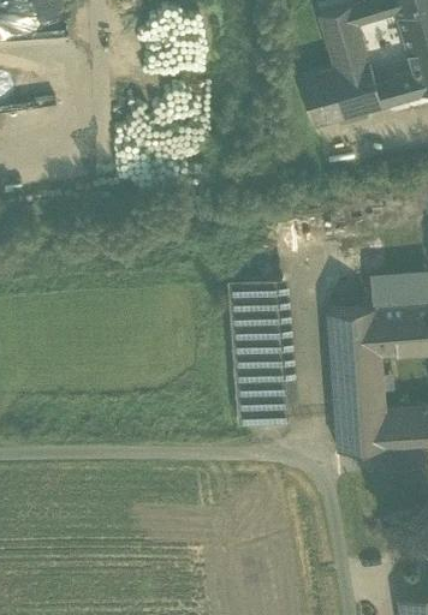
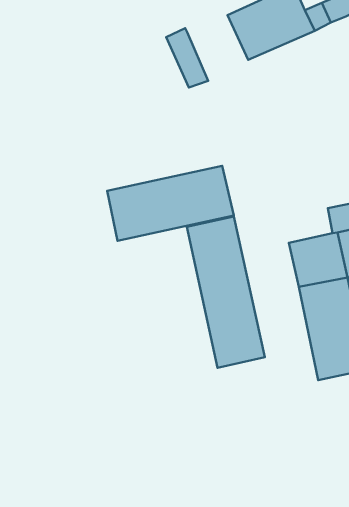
building: none -> [166,28,208,87]
building: none -> [107,166,234,241]

